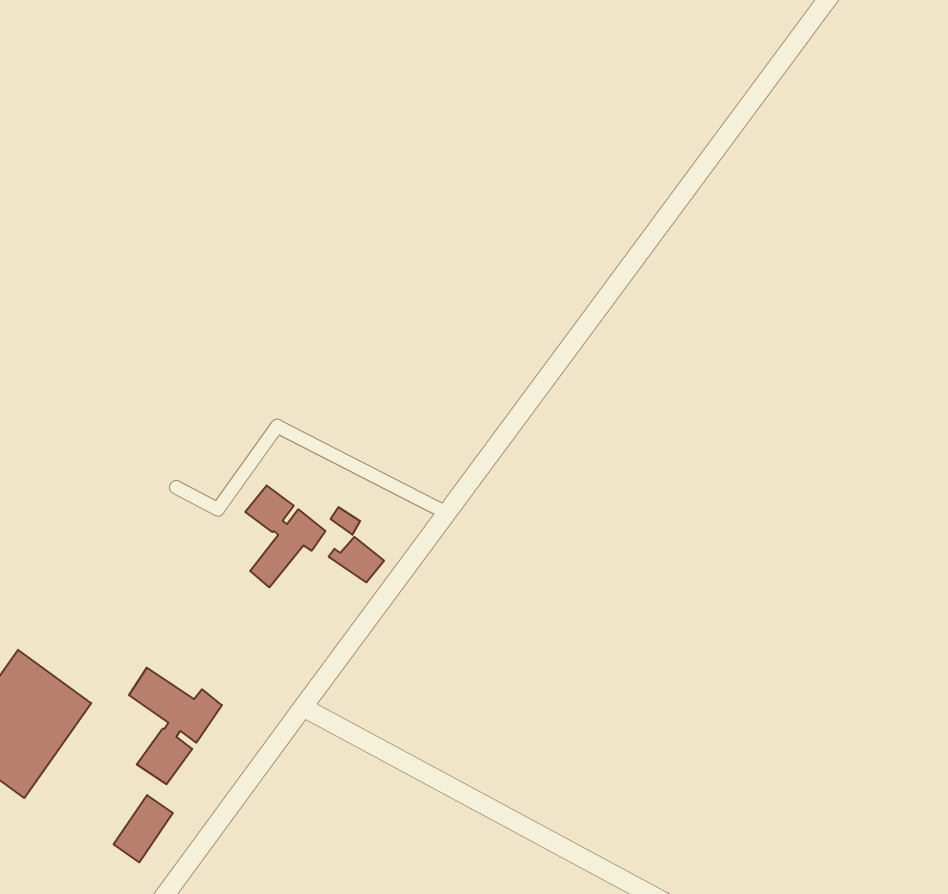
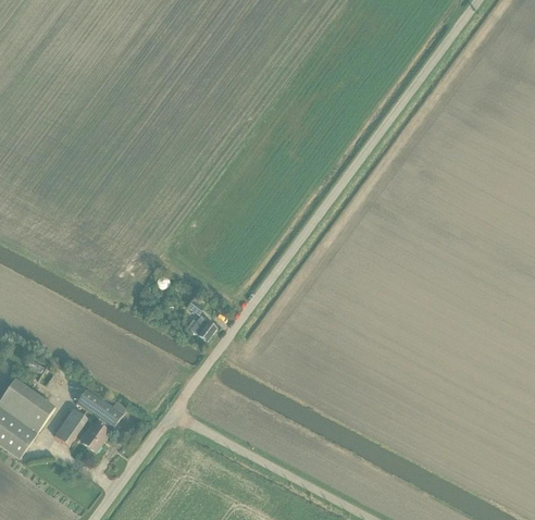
building: [245,485,325,587] -> none
building: [114,795,173,862] -> [54,408,87,445]

